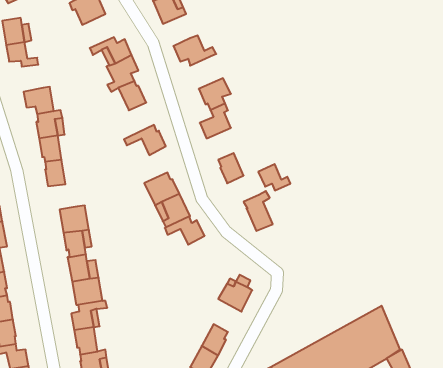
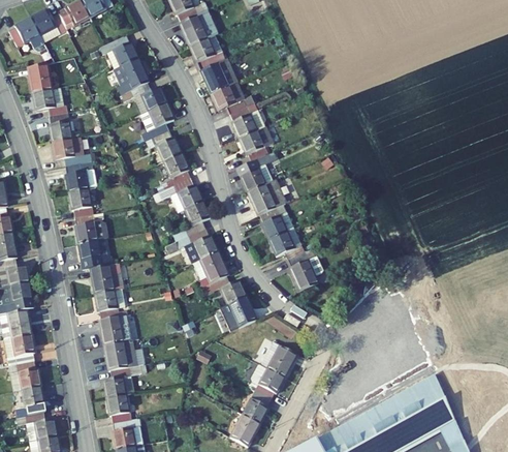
building: none -> [114,60,150,97]
building: none -> [200,60,229,94]
building: none -> [229,103,264,140]
building: none -> [50,112,77,143]
building: none -> [161,154,191,190]
building: none -> [247,180,285,216]
building: none -> [172,201,211,242]
building: [258,164,290,190] -> [268,232,303,260]
building: none -> [78,241,109,269]
building: none -> [221,296,256,331]
building: none -> [251,363,284,398]

